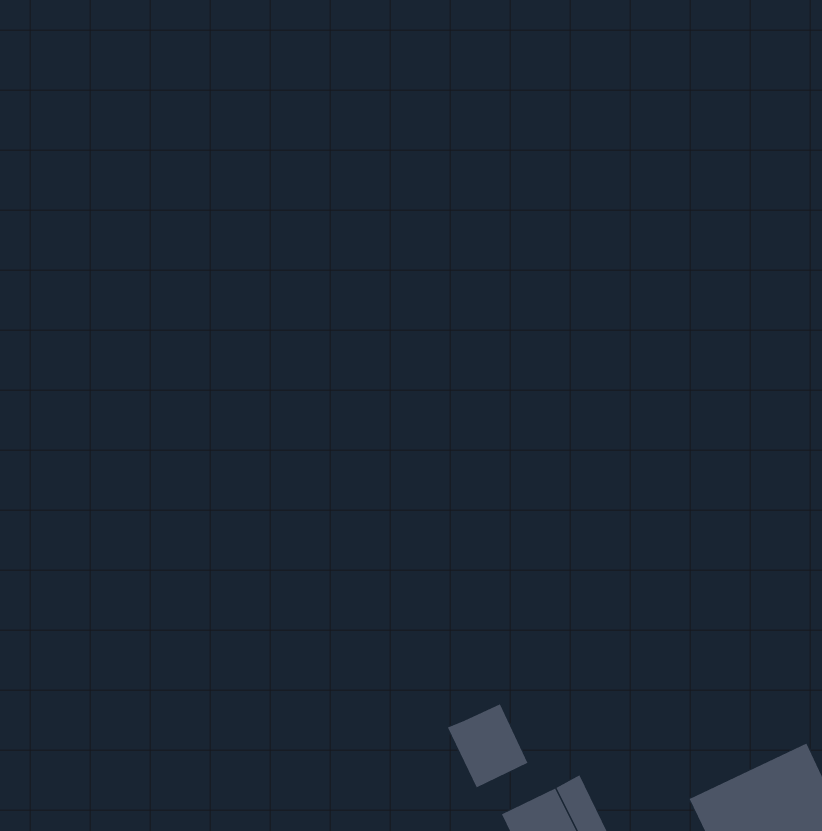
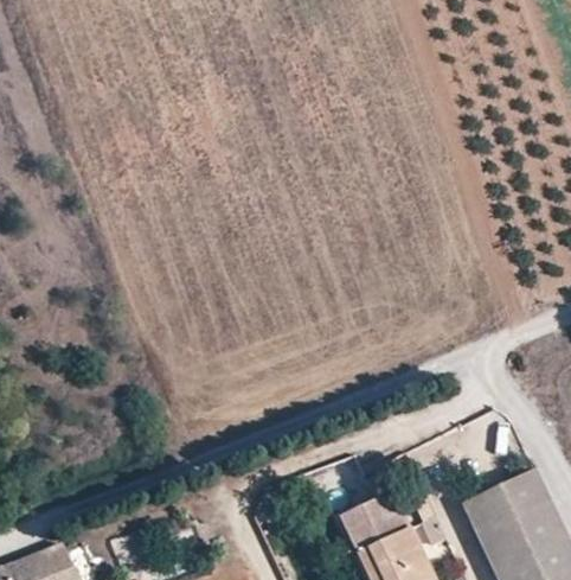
building: [447,703,528,788] -> none

